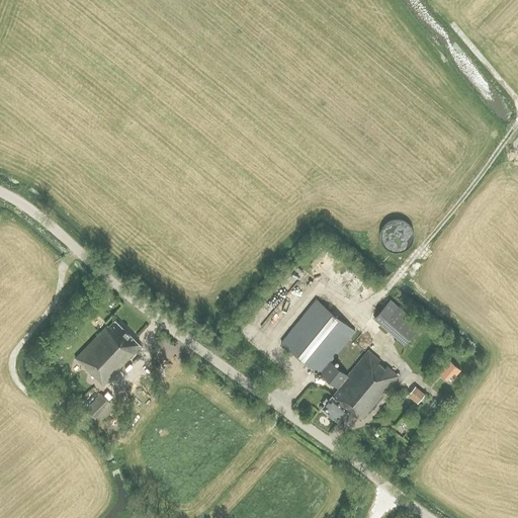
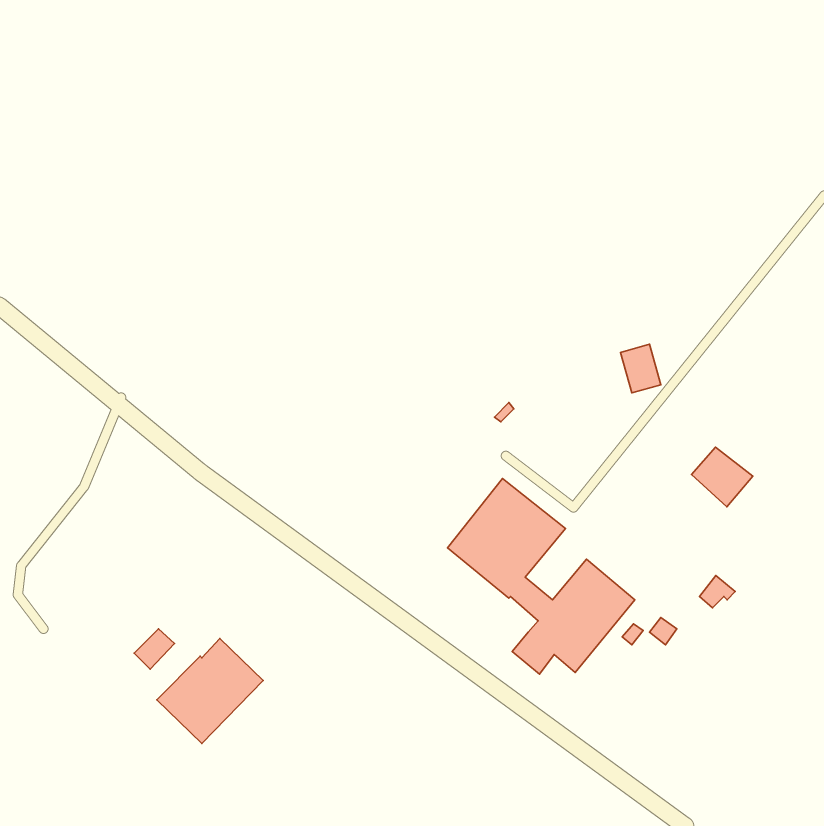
building: [381,308,420,345] -> [691,447,753,507]
building: [74,320,141,385] -> [157,638,263,743]

